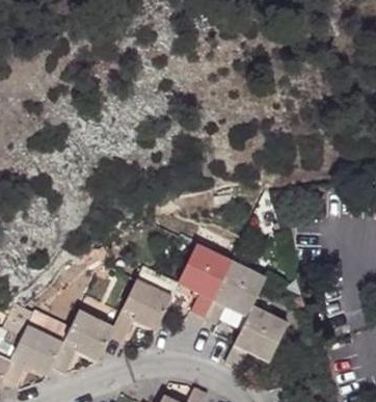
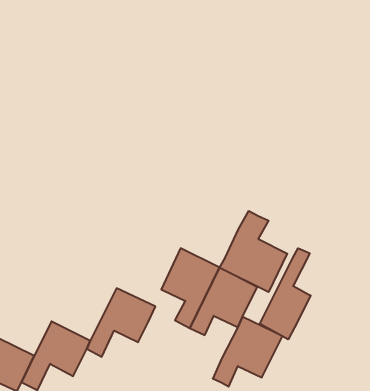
building: none -> [220,211,287,292]
building: none -> [260,248,311,339]

